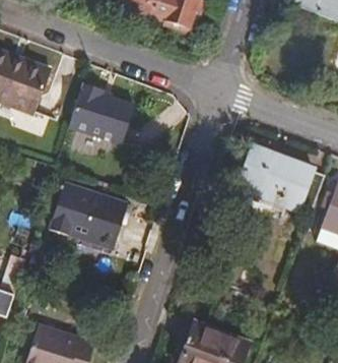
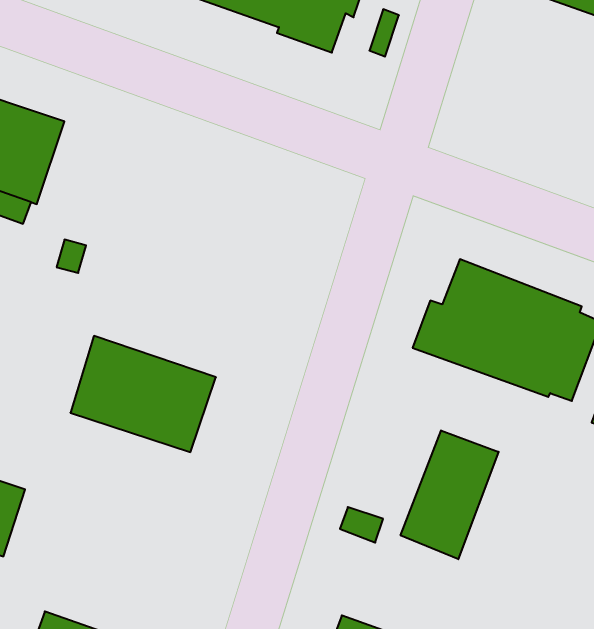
building: [71,82,136,143] -> none
building: none -> [401,430,499,559]

